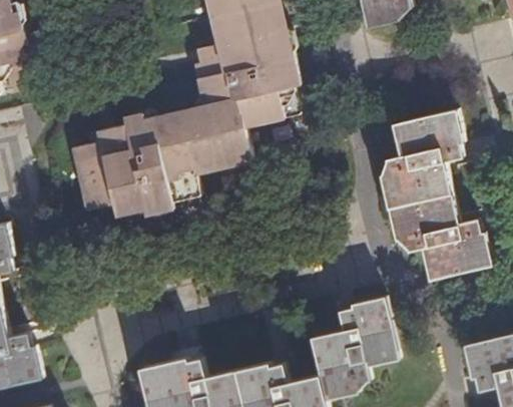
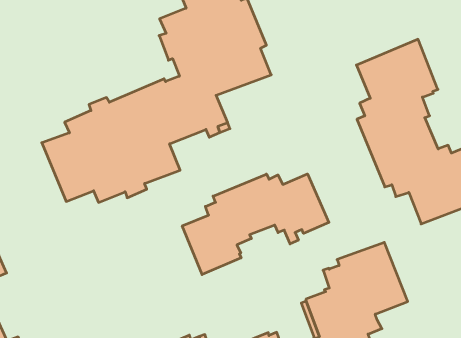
building: none -> [182,174,329,275]

